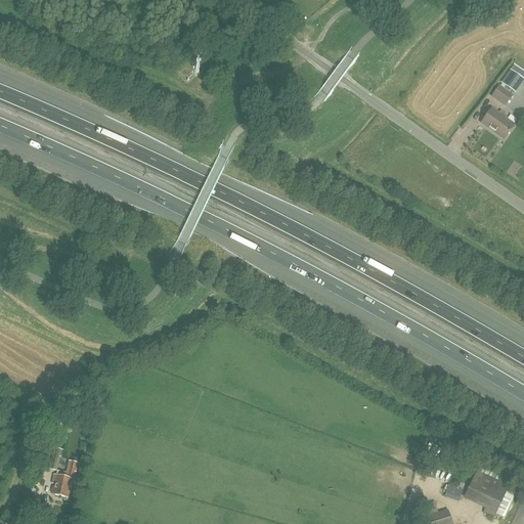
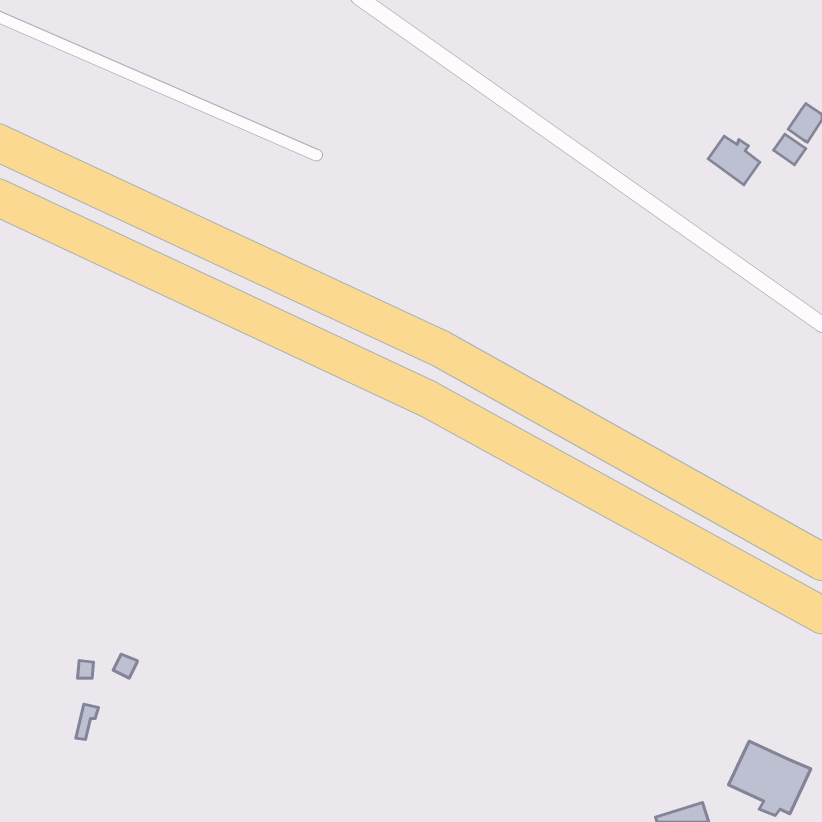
building: [479,107,512,138] -> [708,136,760,185]
building: [50,462,75,496] -> none

